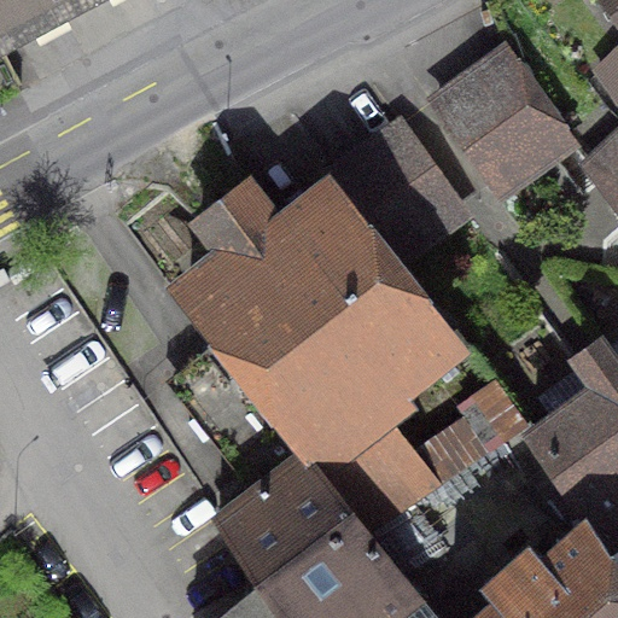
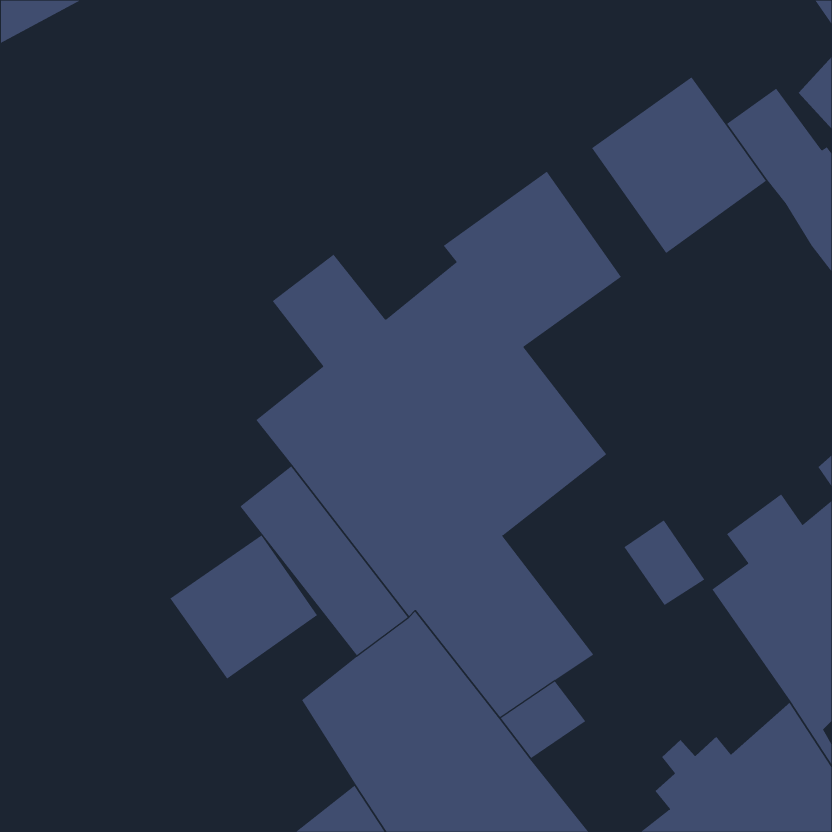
building: none -> [170,534,318,680]

